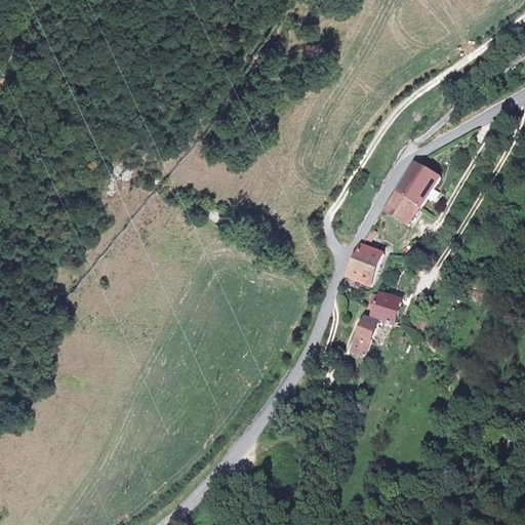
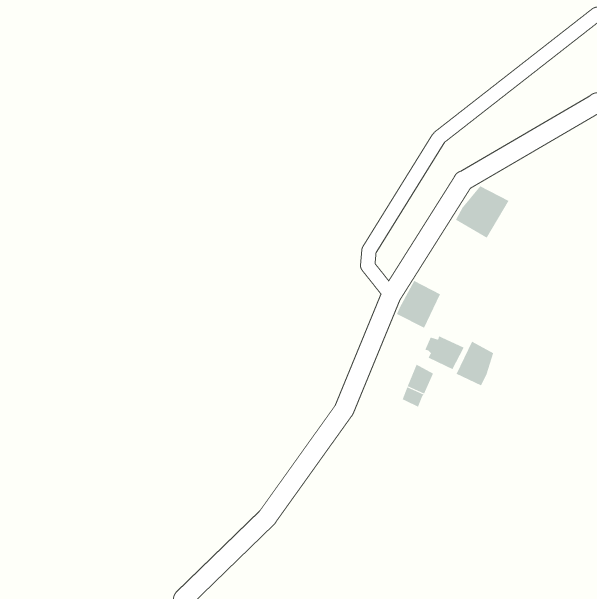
building: [385,191,422,225] -> none
building: none -> [456,341,494,386]

